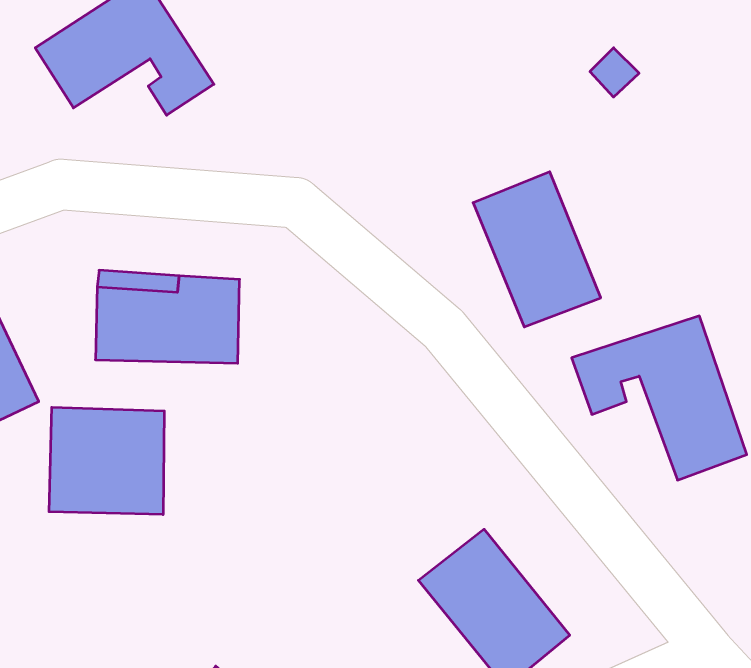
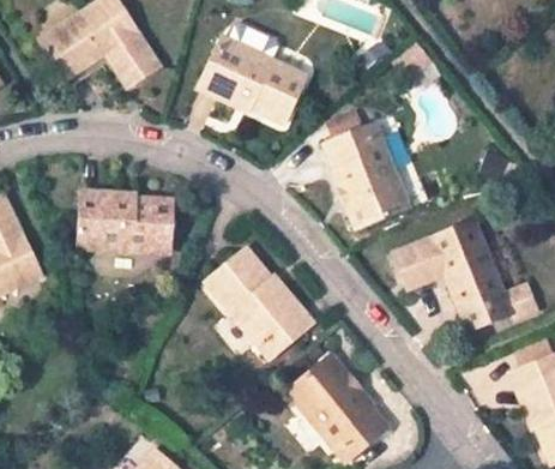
building: none -> [201,31,303,121]
building: none -> [206,249,308,362]
building: [49,407,164,515] -> none

